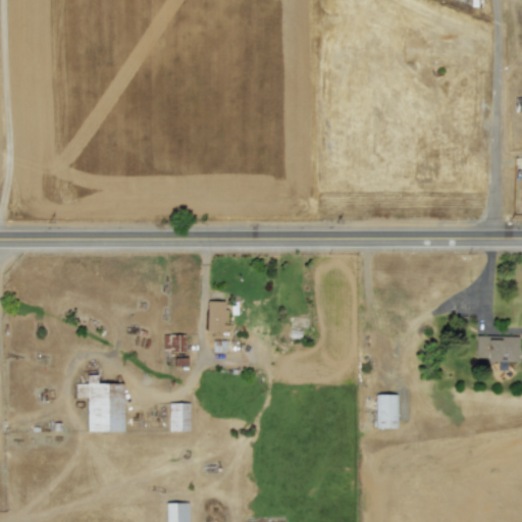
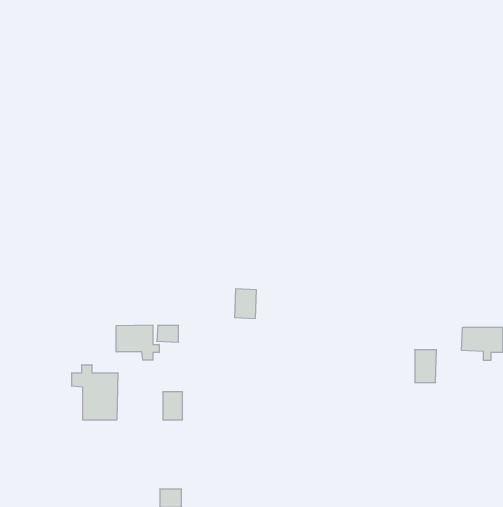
building: [208,301,230,331] -> [235,289,256,318]
building: none -> [116,325,159,360]
building: [377,395,400,428] -> [415,350,437,383]

